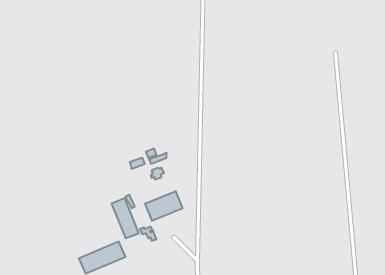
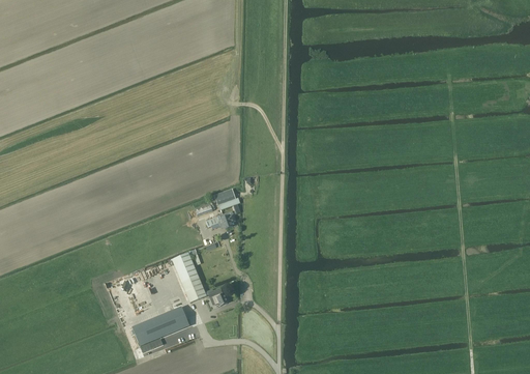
building: [145,191,182,221] -> none

